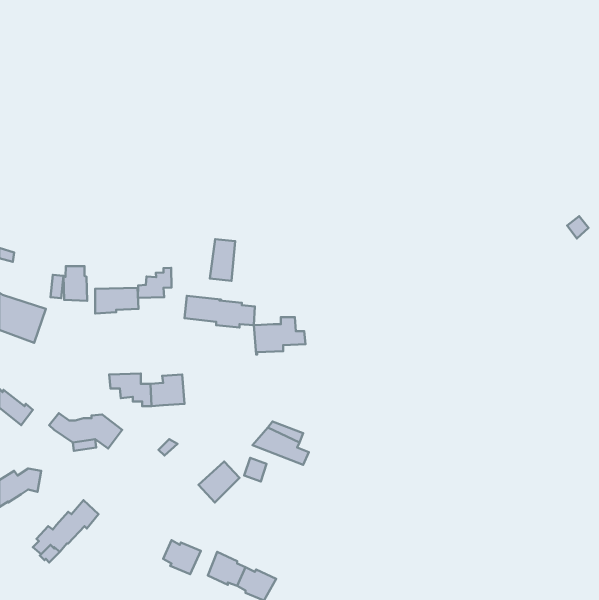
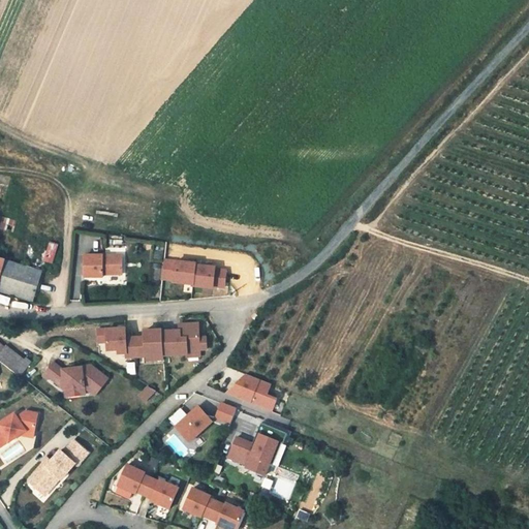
building: [210,239,235,281] -> none
building: [63,266,87,301] -> none
building: [138,268,171,298] -> none
building: [254,317,305,355] -> [160,322,206,355]
building: none -> [228,418,283,470]
building: none -> [117,463,151,492]

